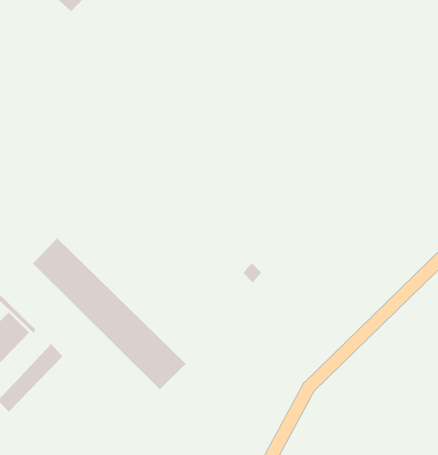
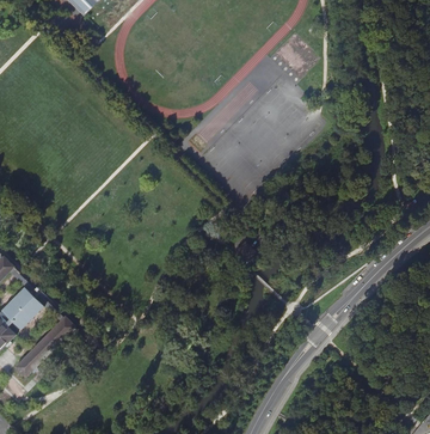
building: [32,238,187,390] -> none

